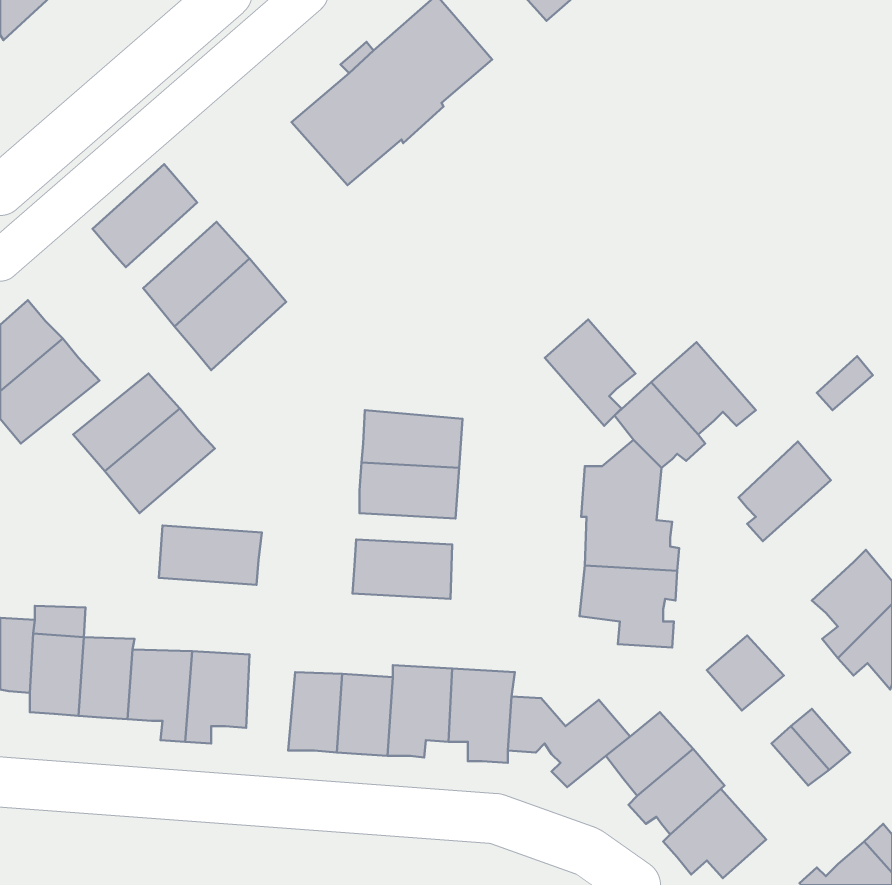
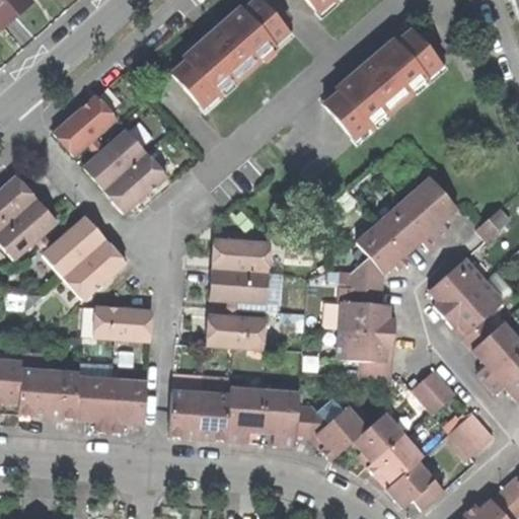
building: none -> [322,25,443,139]
building: [545,319,635,426] -> [404,176,457,238]
building: none -> [443,279,502,349]

